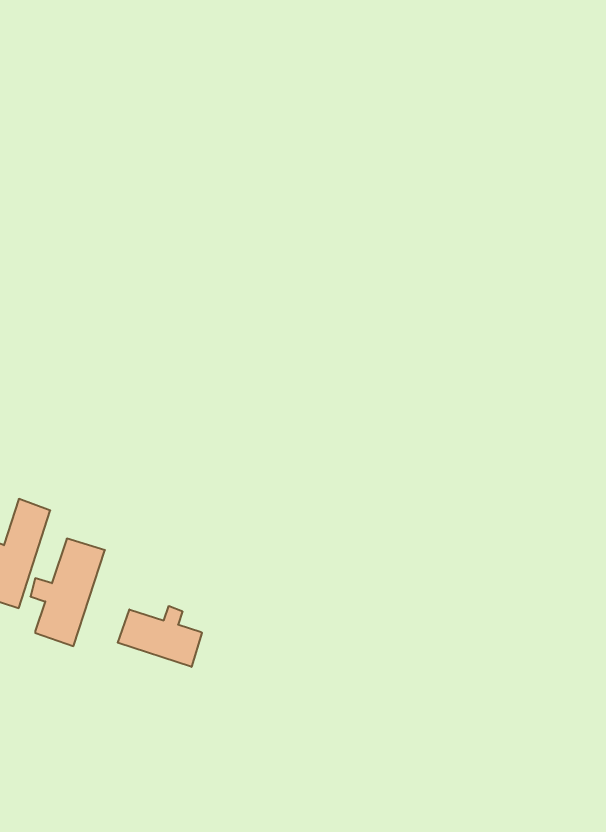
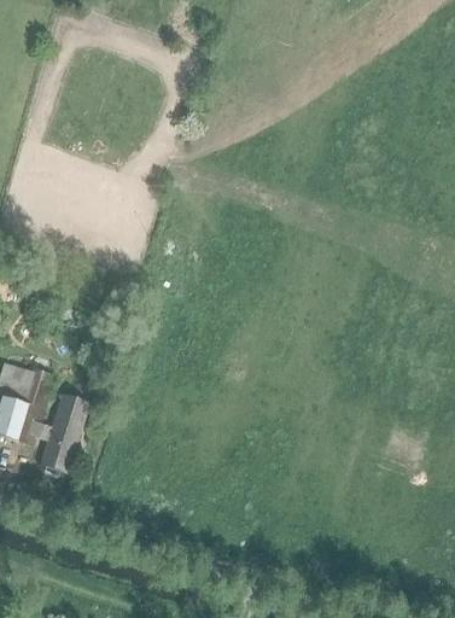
building: [118,606,202,667] -> none

